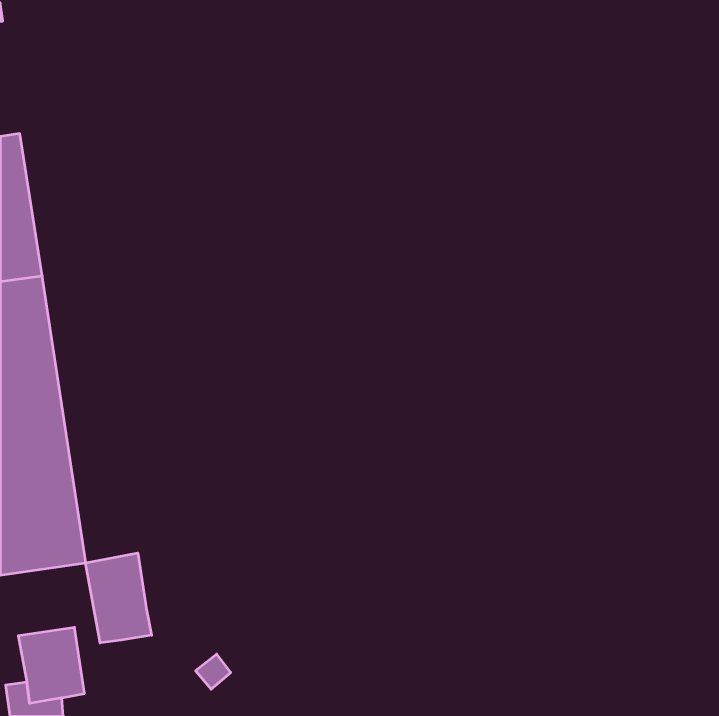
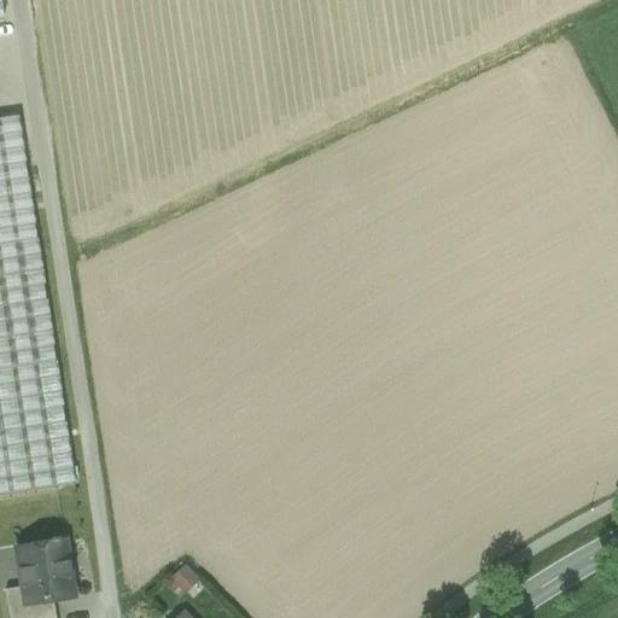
building: [86,553,152,643] -> none

